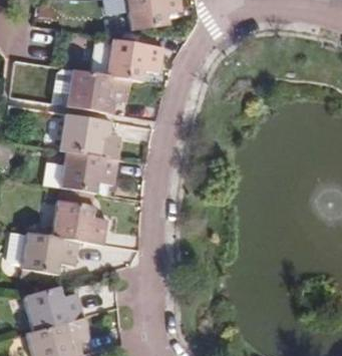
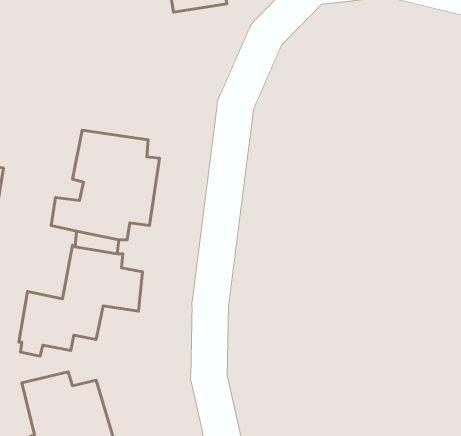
building: [58,38,163,113] -> none

